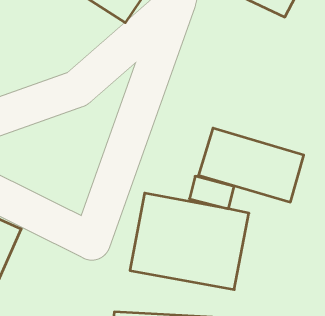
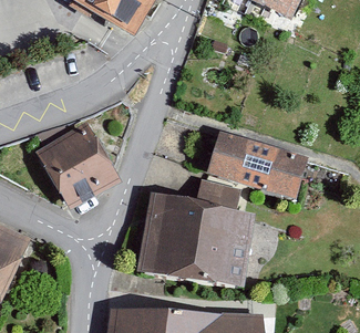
building: none -> [41,134,124,220]

